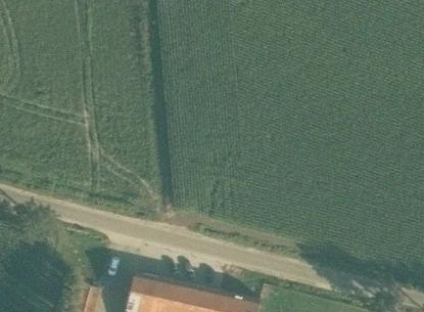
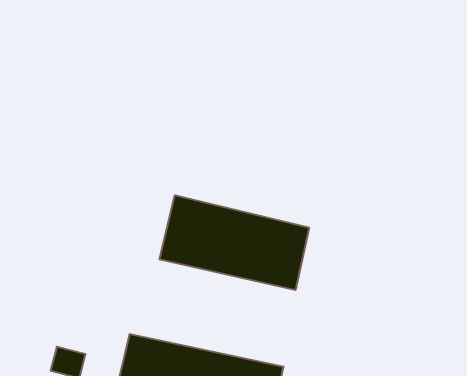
building: none -> [159,195,309,290]

